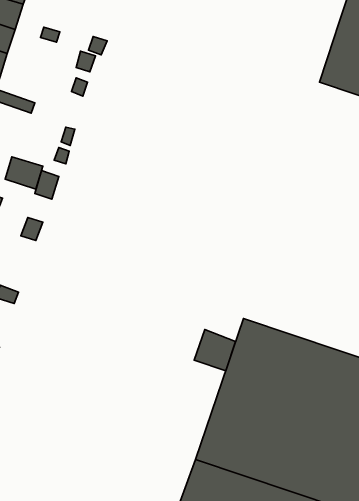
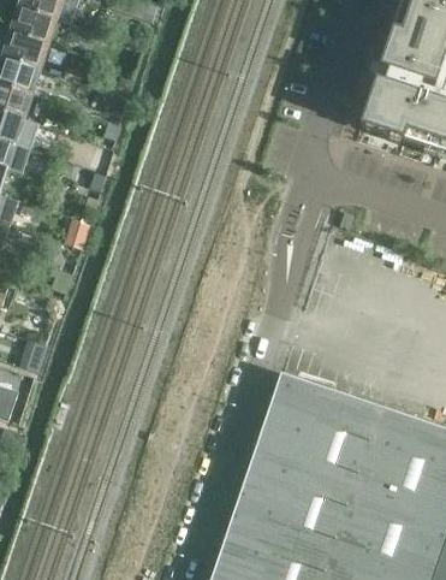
building: [5,157,43,189] -> none
building: [194,330,236,371] -> none

